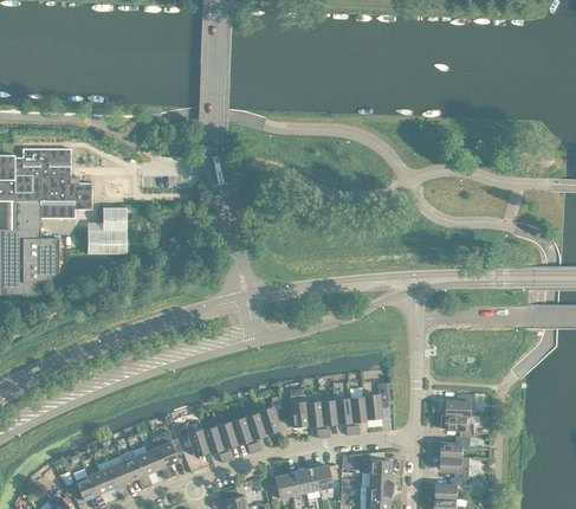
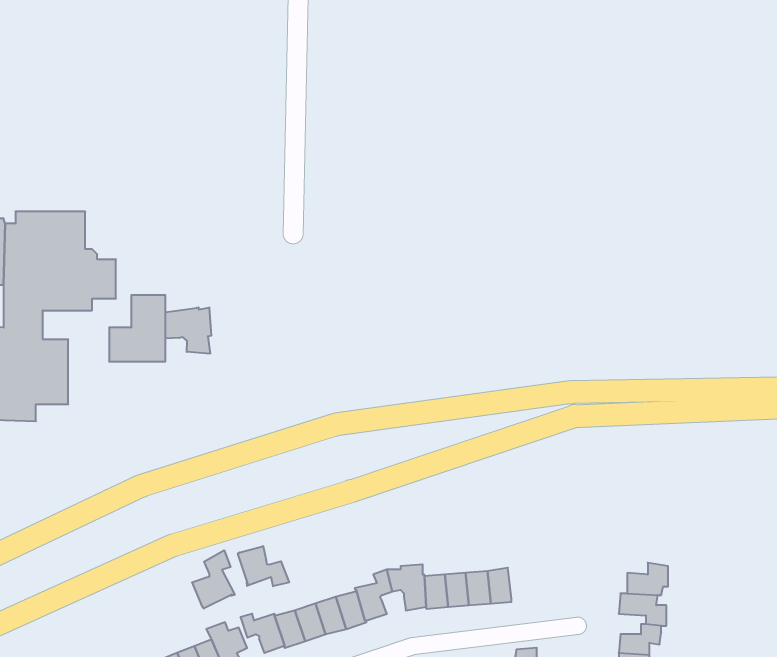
building: none -> [165,307,211,354]
building: none -> [238,546,289,586]
building: [364,382,388,418] -> none
building: none -> [192,550,235,609]

